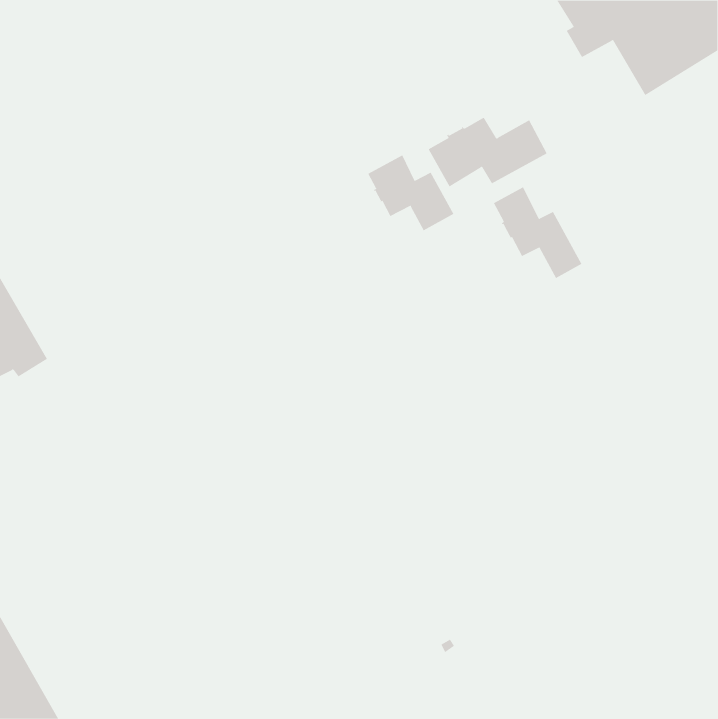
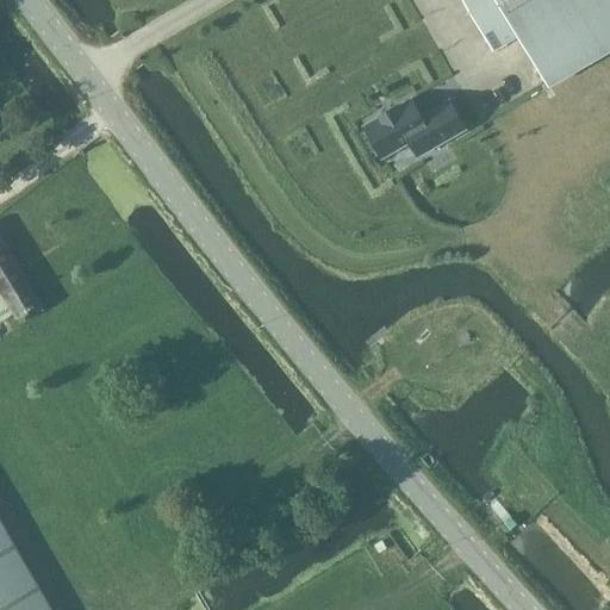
building: [368,154,454,231] -> none
building: [493,186,582,279] -> none

